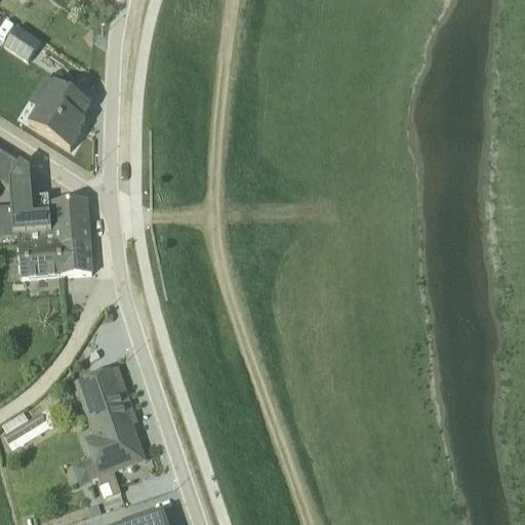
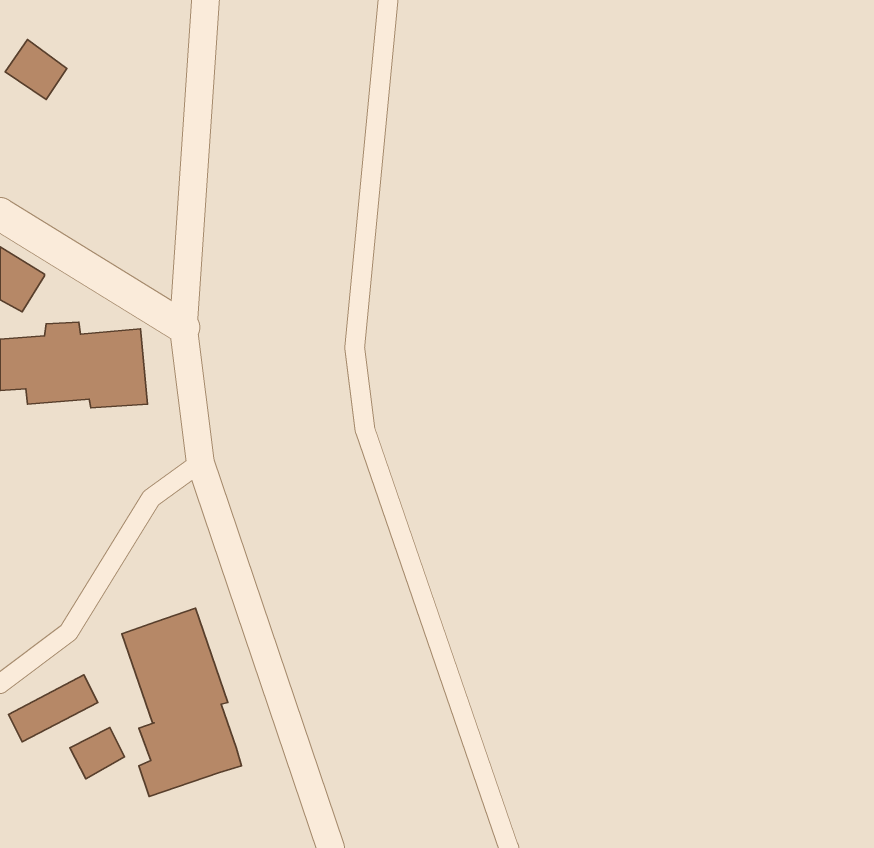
building: [29,74,90,148] -> none
building: [17,239,91,277] -> none
building: none -> [70,728,125,779]

